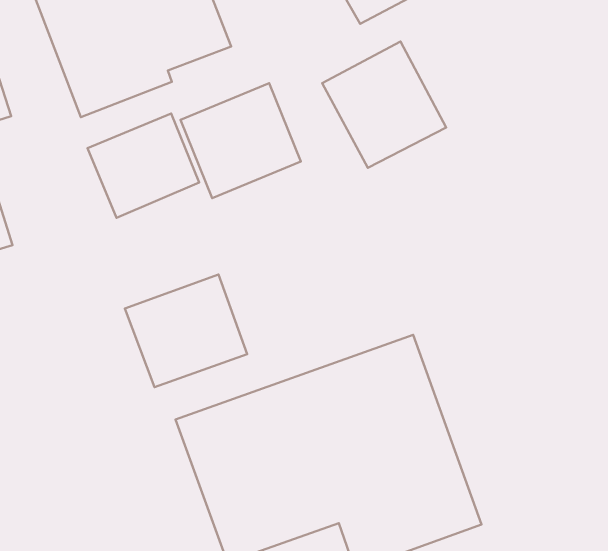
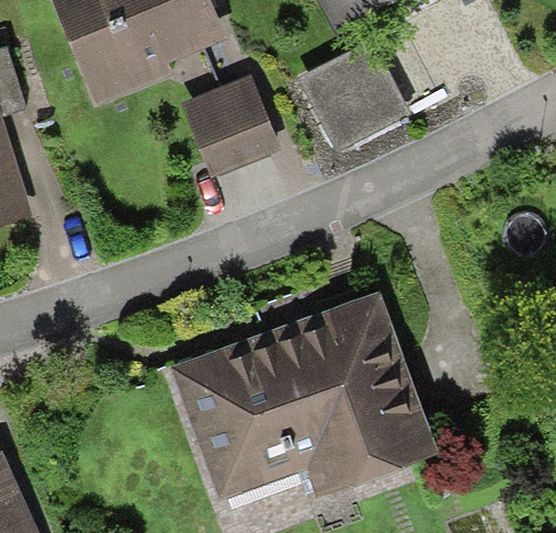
building: [88,114,199,218] -> none
building: [125,274,247,387] -> none

